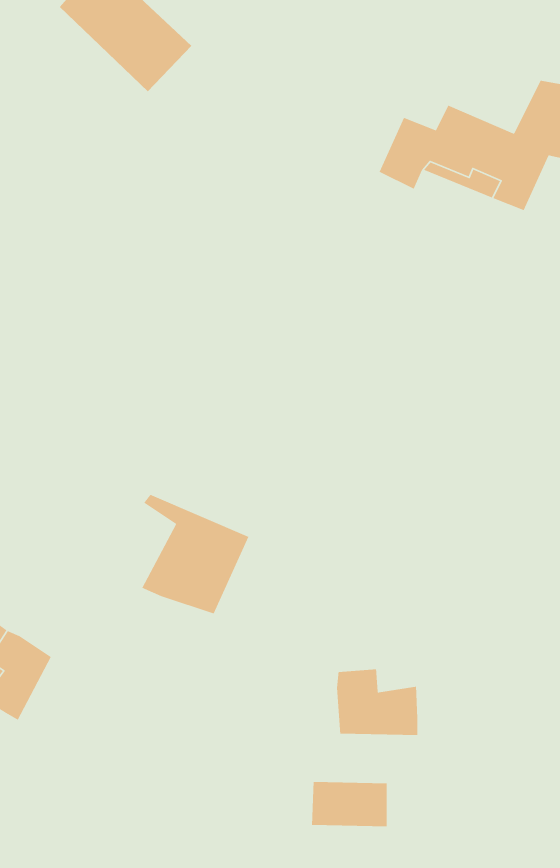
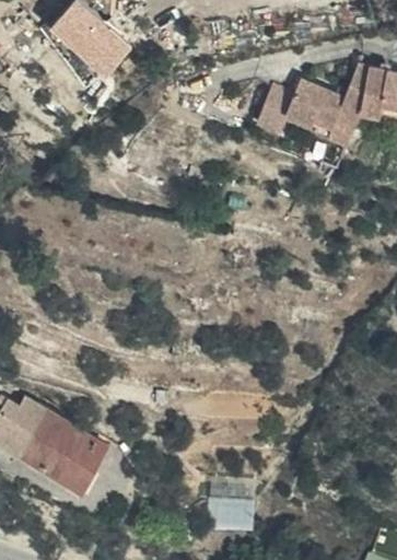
building: [141,494,250,615] -> [31,405,97,479]
building: [336,669,418,736] -> none

